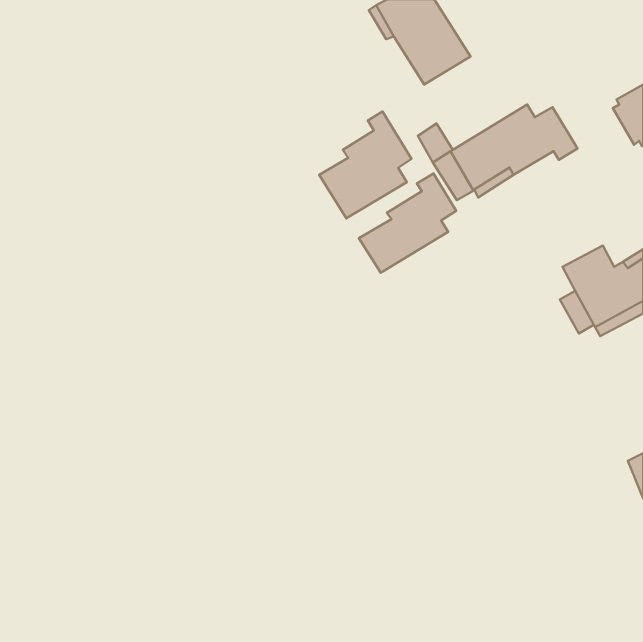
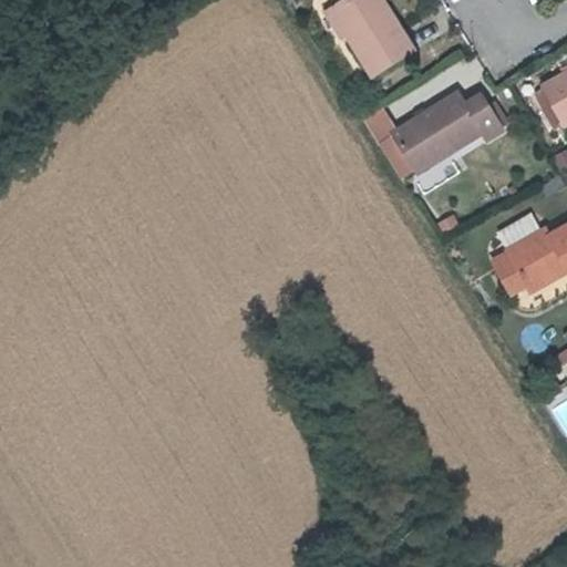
building: [319,112,411,218] -> none
building: [359,173,456,273] -> none

